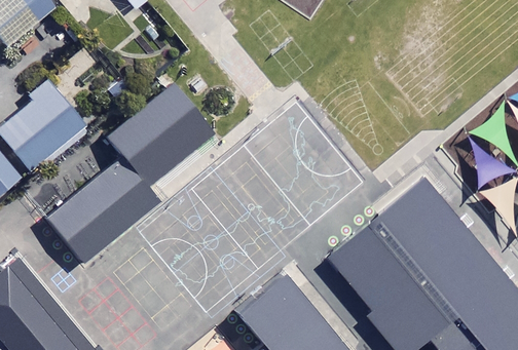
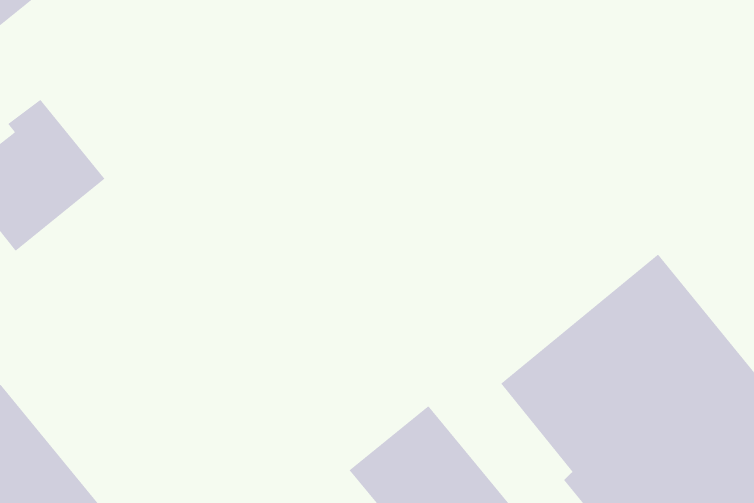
building: [47,82,216,264] -> none

